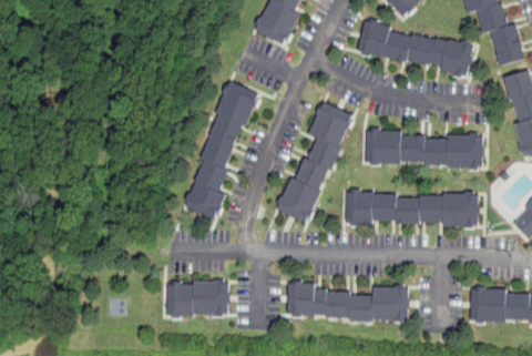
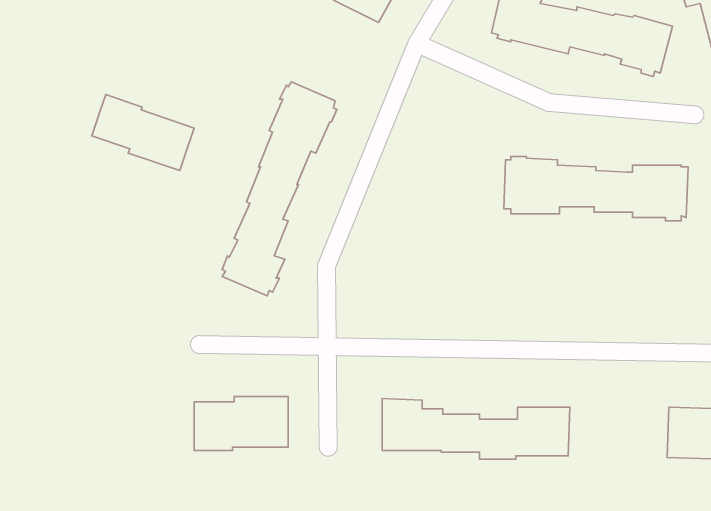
building: none -> [92,95,194,171]
building: [276,103,351,222] -> none
building: [345,190,477,228] -> none

